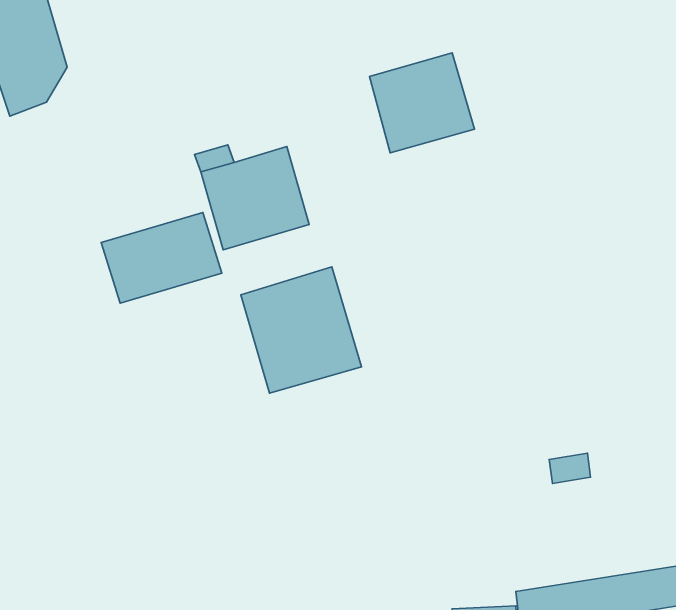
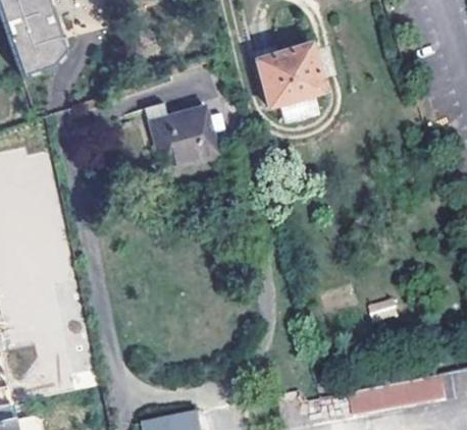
building: [101,212,222,303] -> none
building: [241,267,361,393] -> none

